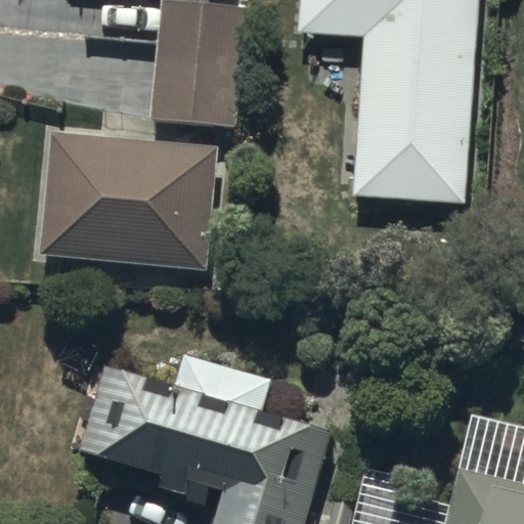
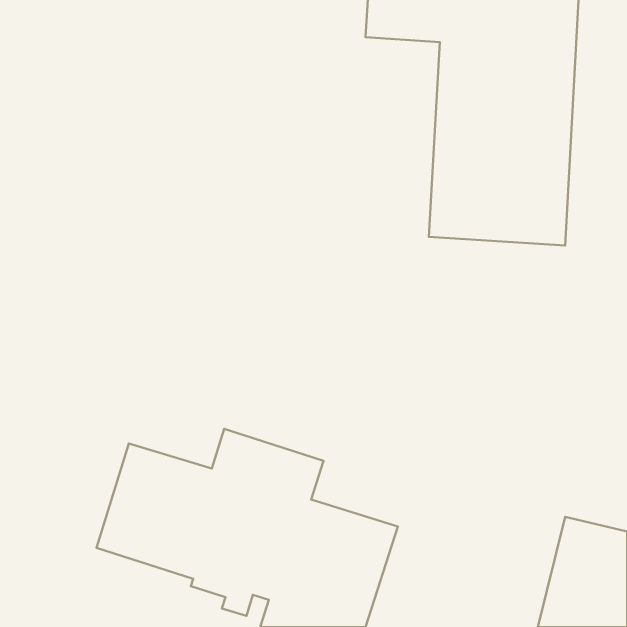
building: [151,4,243,126] -> none
building: [40,135,217,269] -> none

